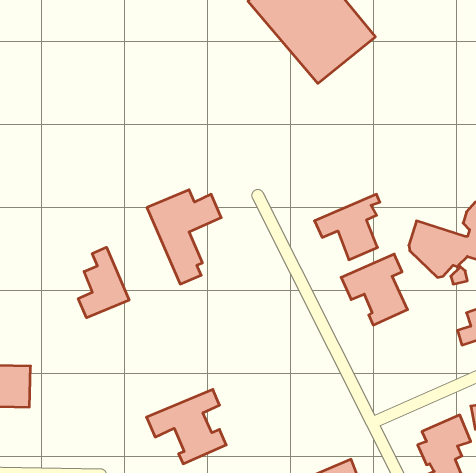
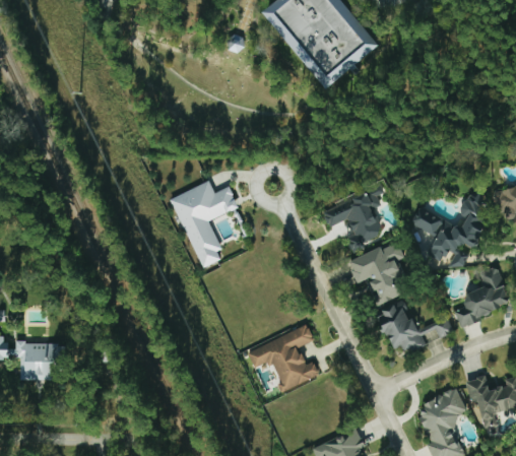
building: [78,247,129,318] -> none
building: none -> [377,303,453,354]
building: [146,389,226,464] -> [246,326,319,394]

